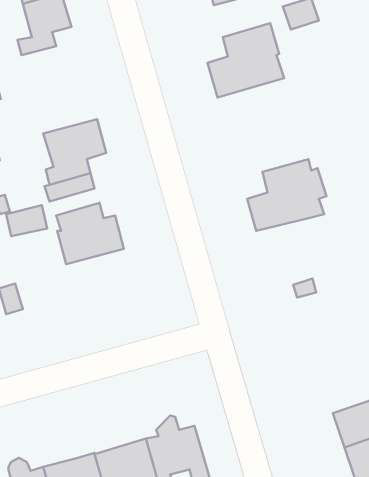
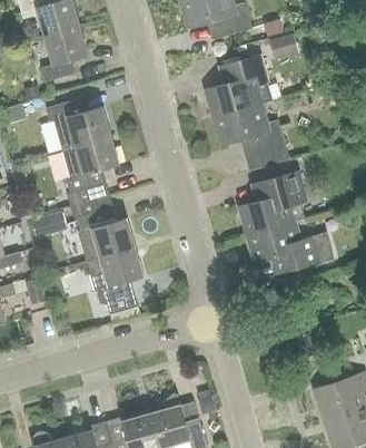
building: none -> [47,98,109,148]
building: none -> [214,104,288,168]
building: none -> [247,222,333,272]
building: none -> [82,249,141,315]

